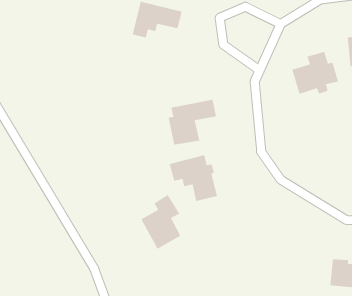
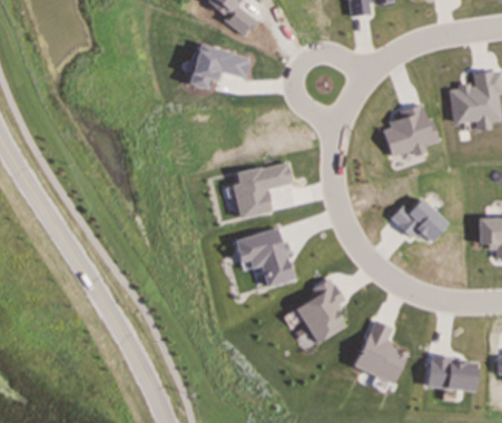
building: none -> [390,197,447,242]
building: [141,194,181,250] -> [296,276,345,343]
building: none -> [353,318,407,383]

